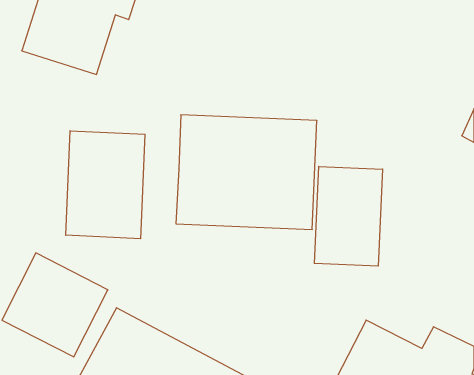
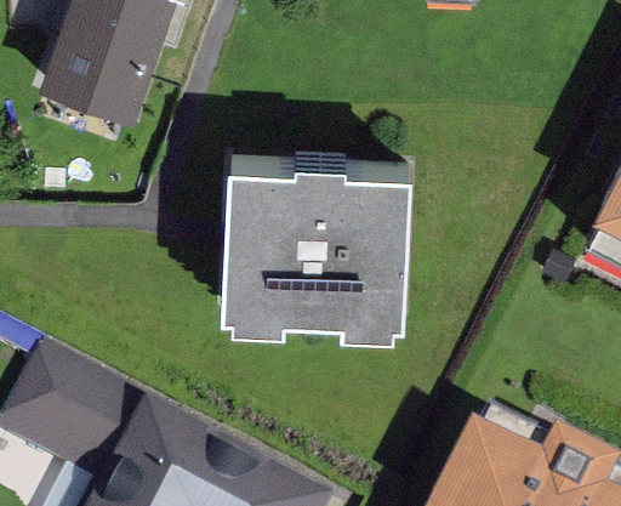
building: [66,131,145,239] -> none
building: [314,166,383,266] -> none

